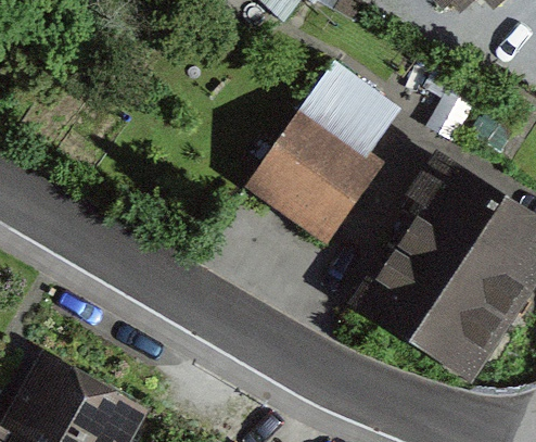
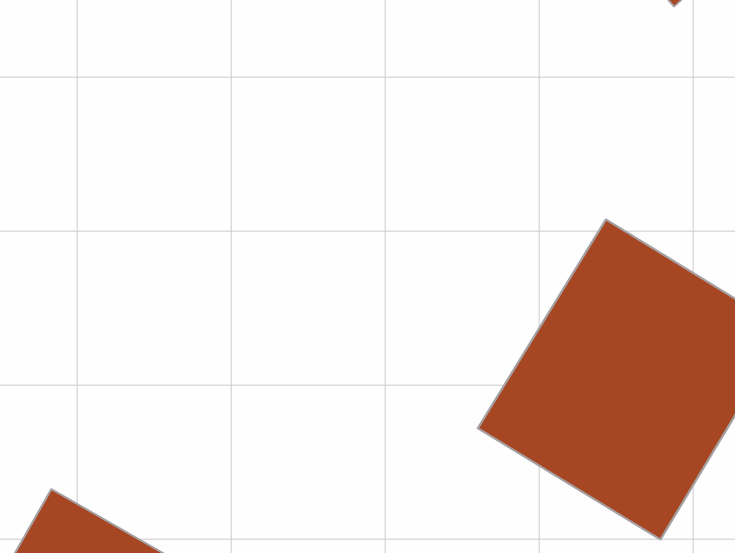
building: [243,64,399,244] -> none

